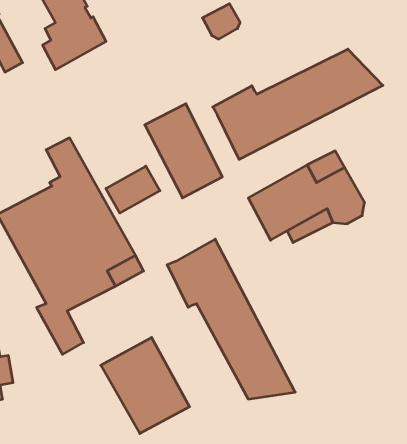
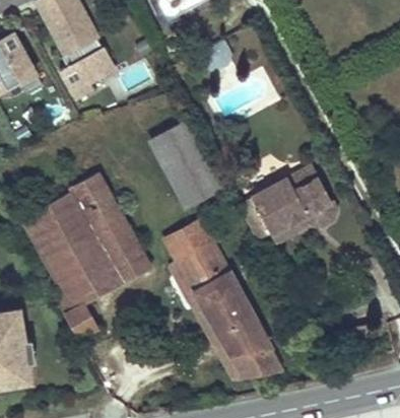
building: [213,49,383,159] -> none
building: [106,166,160,213] -> [164,218,211,259]
building: [101,337,190,434] -> none

